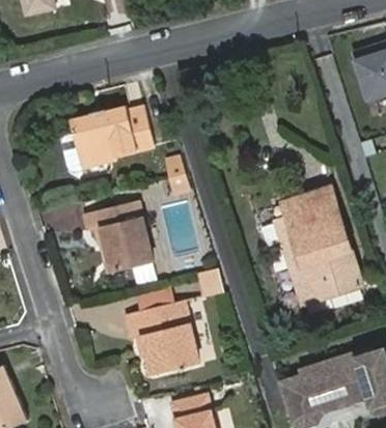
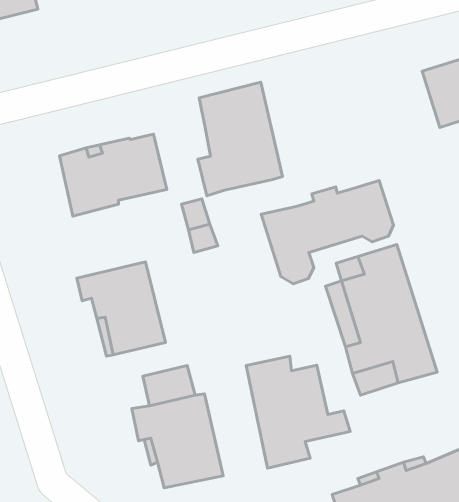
building: none -> [198,82,282,196]
building: none -> [261,181,394,284]
building: none -> [246,356,350,468]

